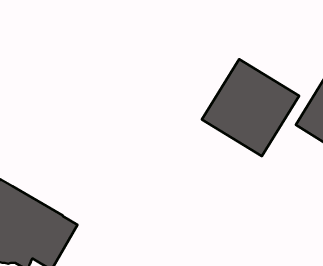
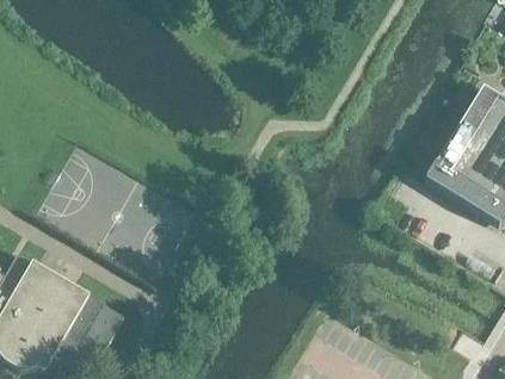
building: [202,59,299,156] -> none

